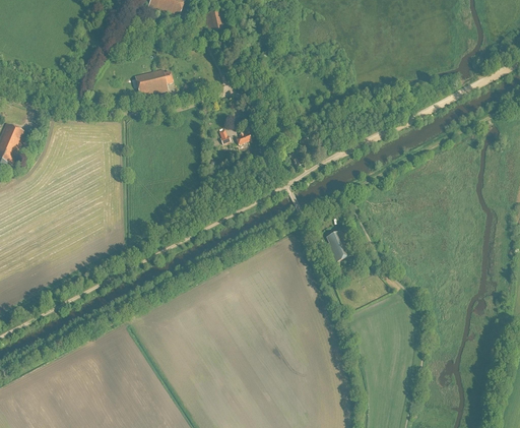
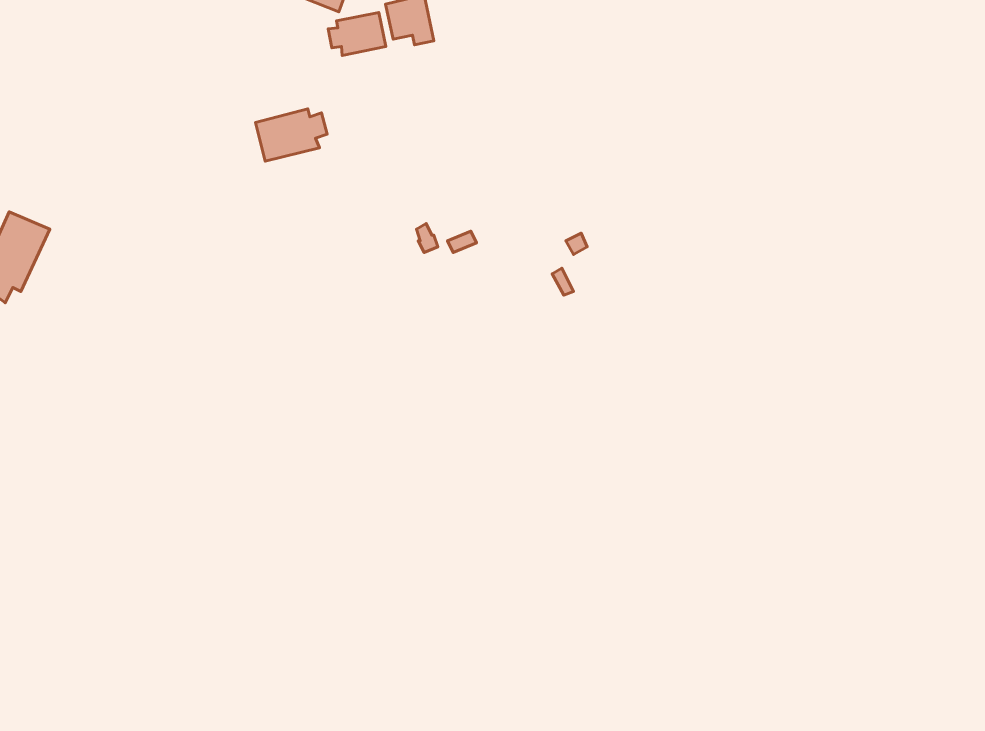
building: none -> [328,13,386,56]
building: [326,229,353,262] -> none

